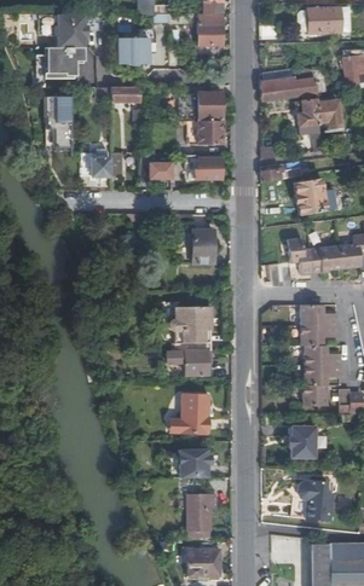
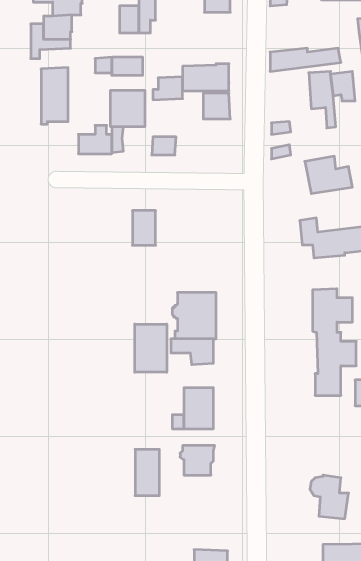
building: none -> [111,90,145,127]
building: [193,157,221,179] -> [153,77,183,100]
building: [191,230,213,262] -> [132,211,156,245]
building: none -> [135,324,167,372]
building: [291,424,316,457] -> none
building: [187,494,210,538] -> [135,449,159,496]

